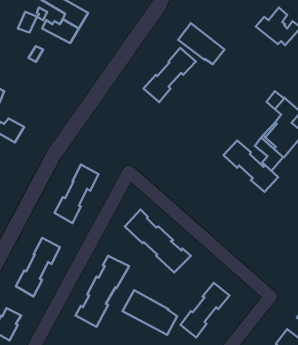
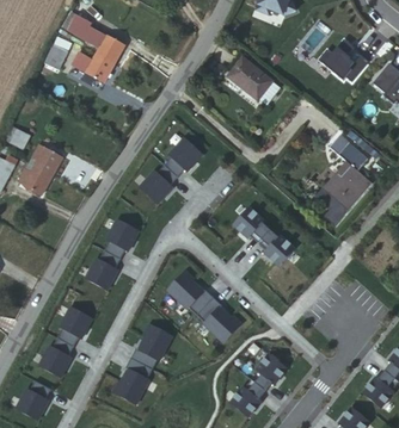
building: [143,48,196,102] -> [139,141,198,203]
building: none -> [31,144,61,175]
building: [224,140,278,192] -> [232,206,294,265]
building: [123,290,177,335] -> none

